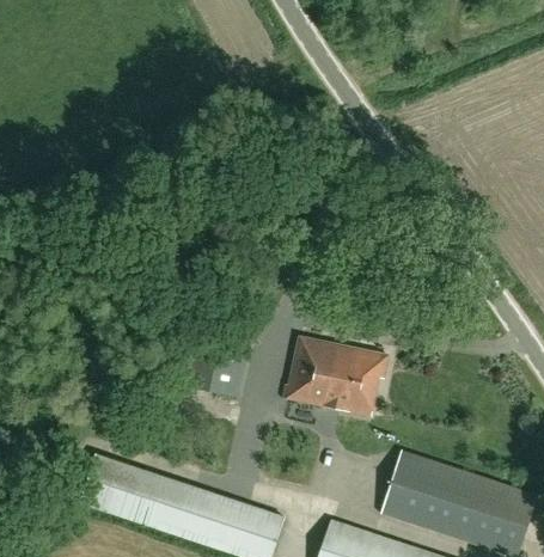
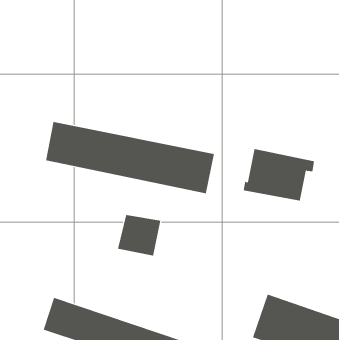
building: none -> [45,121,215,194]
building: [285,338,387,414] -> [243,149,315,201]

